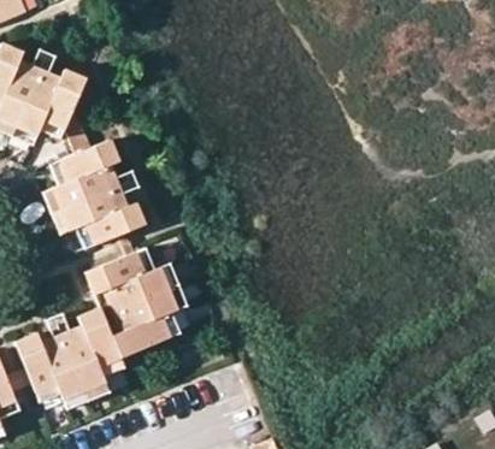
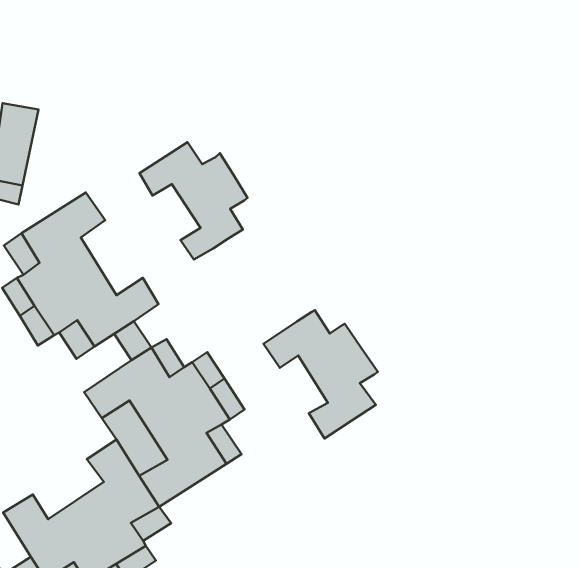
building: none -> [139,142,248,260]
building: none -> [263,310,378,439]

